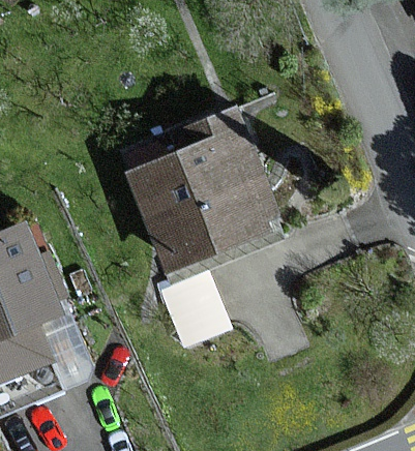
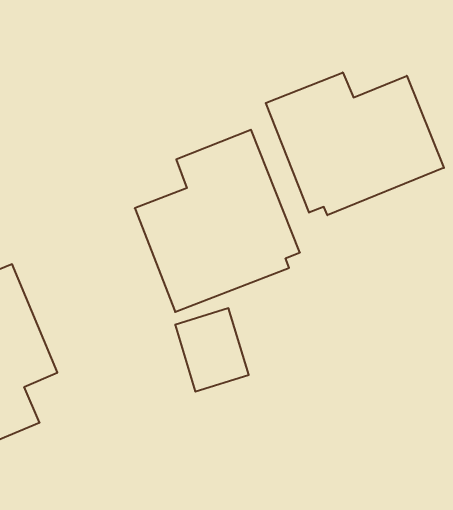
building: none -> [266,72,444,215]

